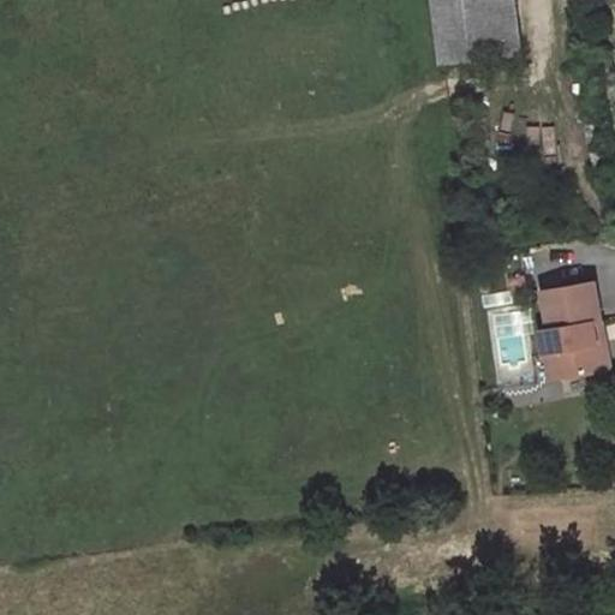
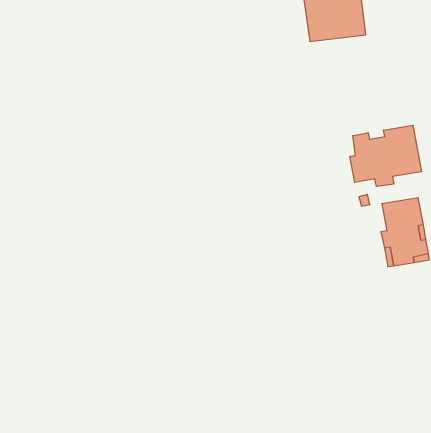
building: none -> [350,125,422,186]

